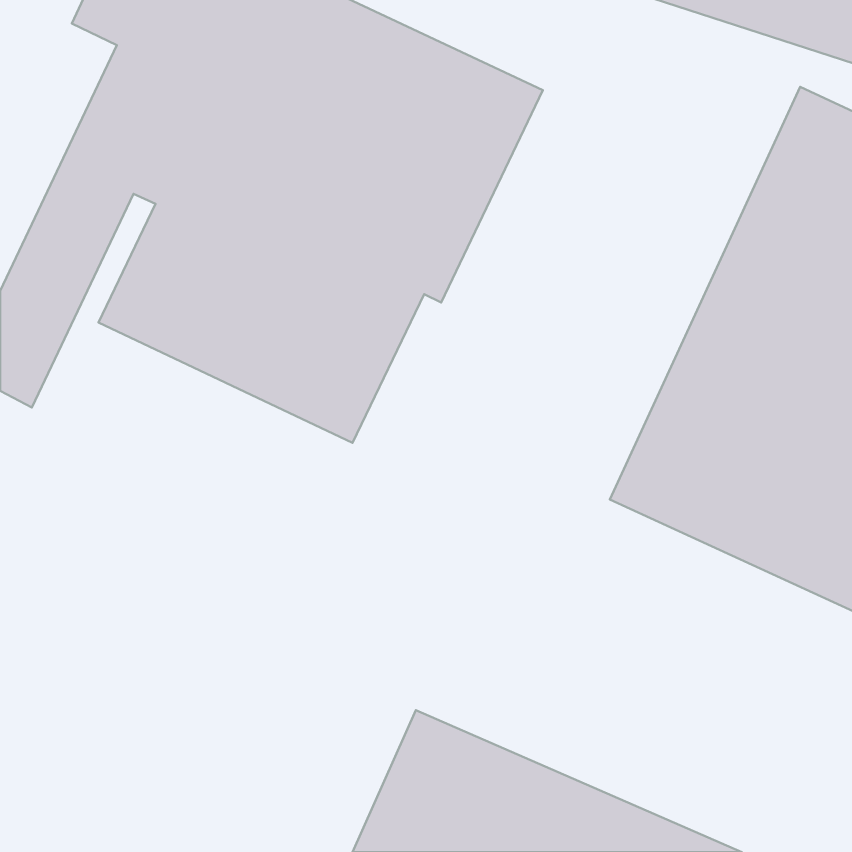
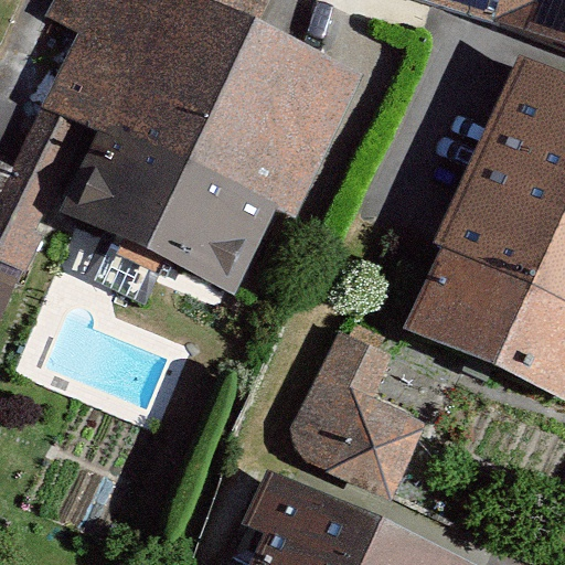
building: none -> [287,328,433,503]

